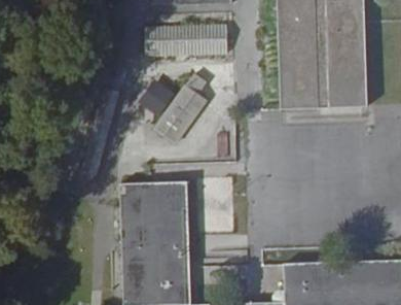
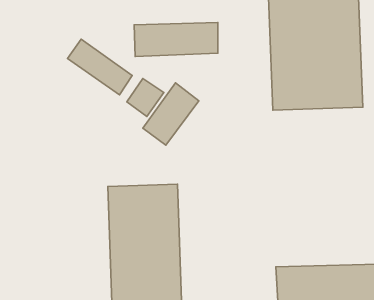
building: none -> [68,39,132,95]

